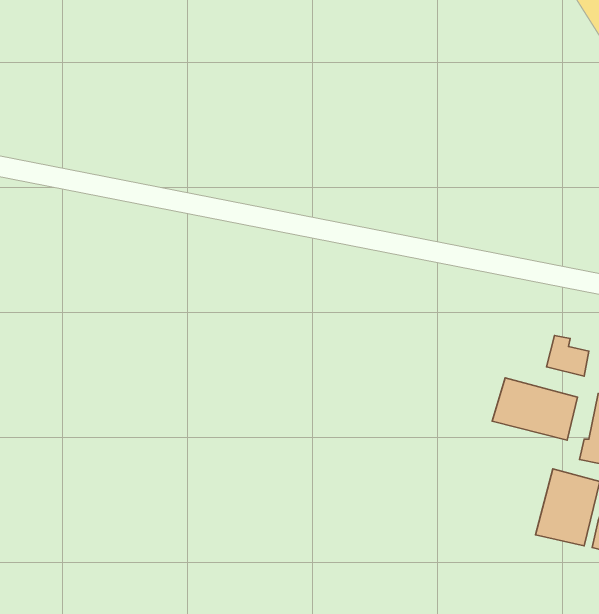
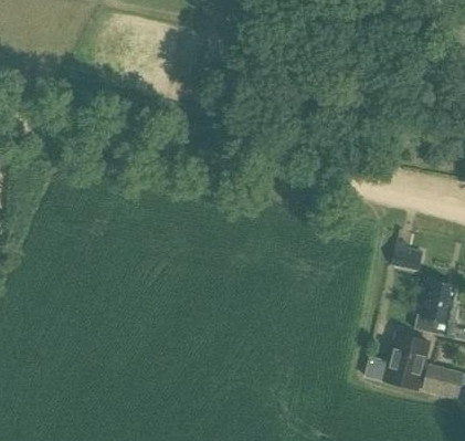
building: [492,378,578,440] -> none

